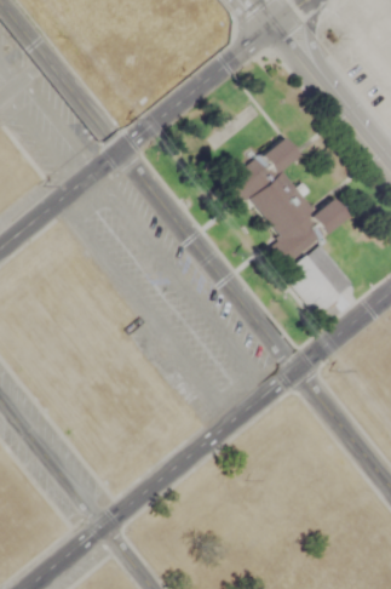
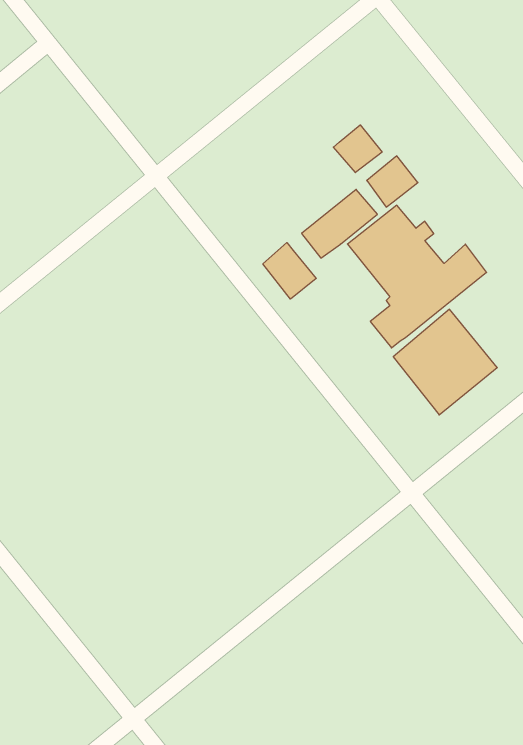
building: none -> [333,125,382,173]
building: none -> [263,243,316,299]

